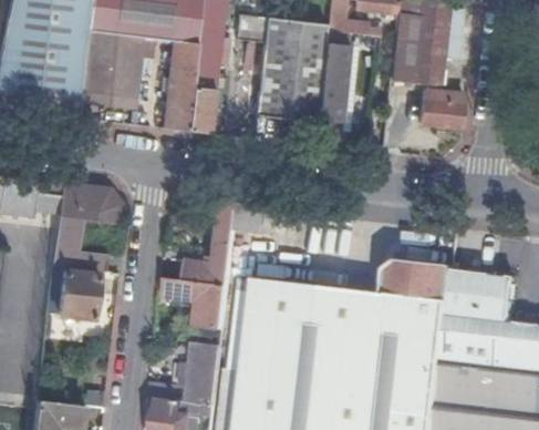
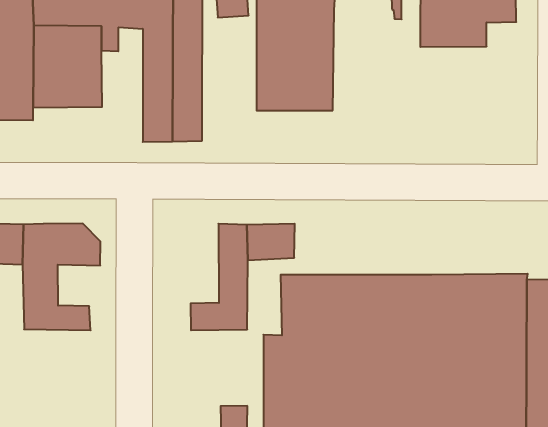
building: [318,43,350,149] -> none
building: [422,90,465,129] -> none
building: [61,270,99,318] -> none
building: [168,278,230,329] -> none

